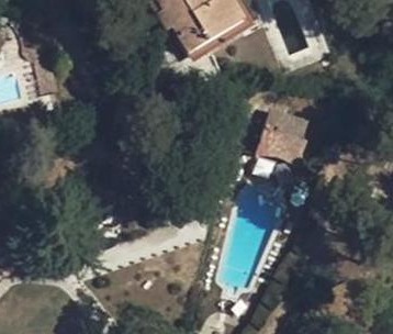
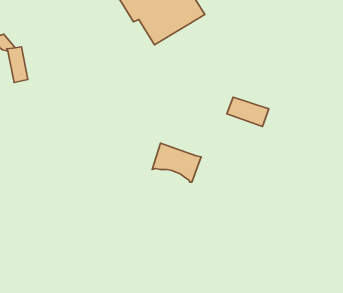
building: [255,125,306,166] -> [152,143,201,182]

